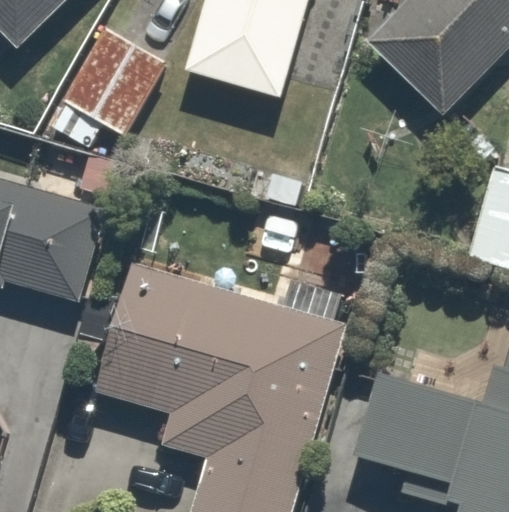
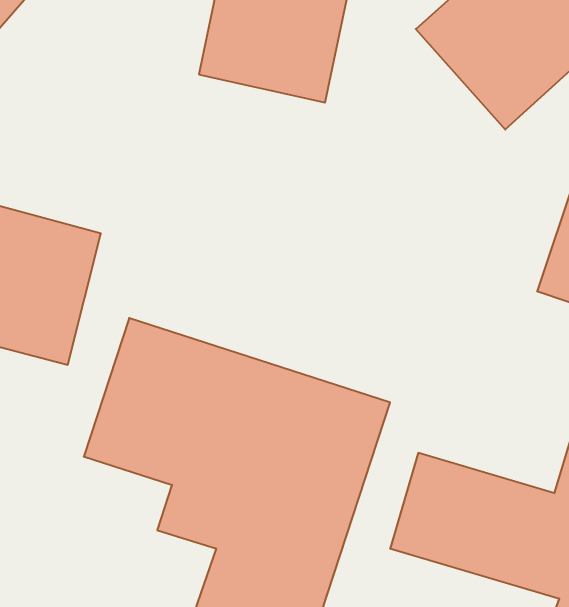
building: [59,27,173,147] -> none

